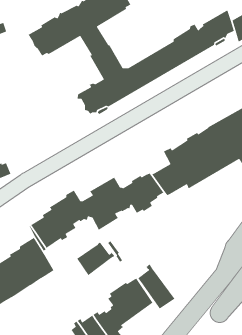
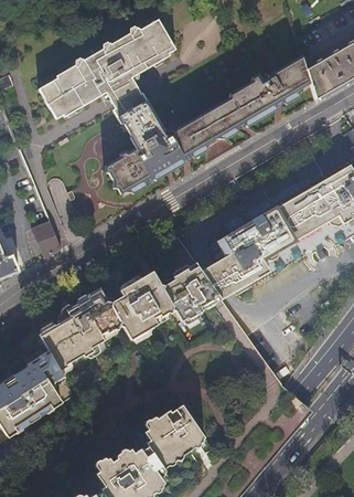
building: none -> [32,219,61,255]
building: [76,241,115,276] -> none
building: [137,263,175,310] -> none

